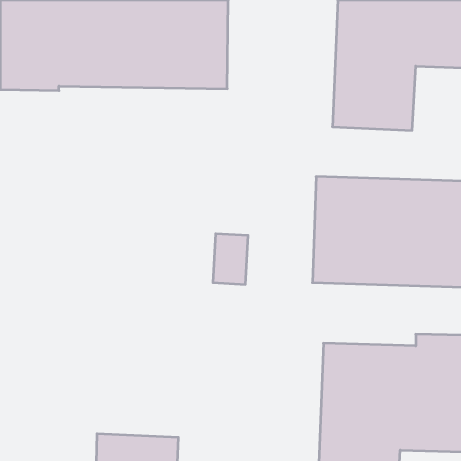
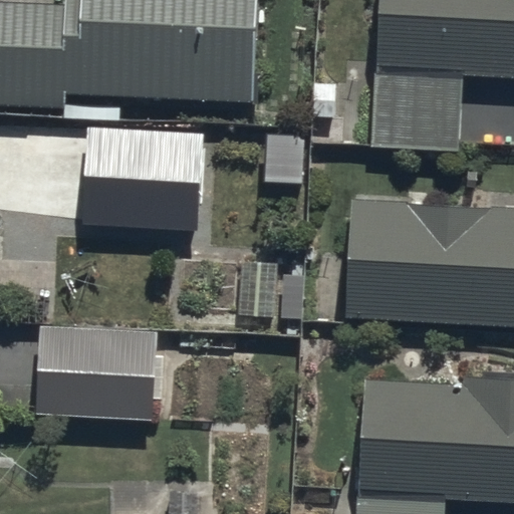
building: none -> [81,128,207,233]
building: none -> [35,323,158,416]

